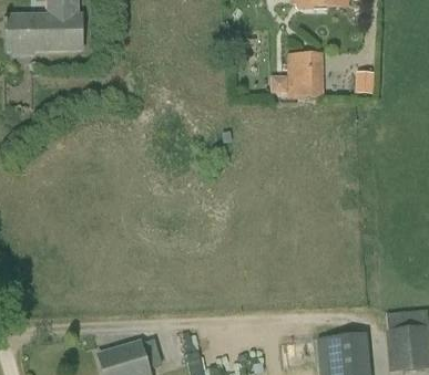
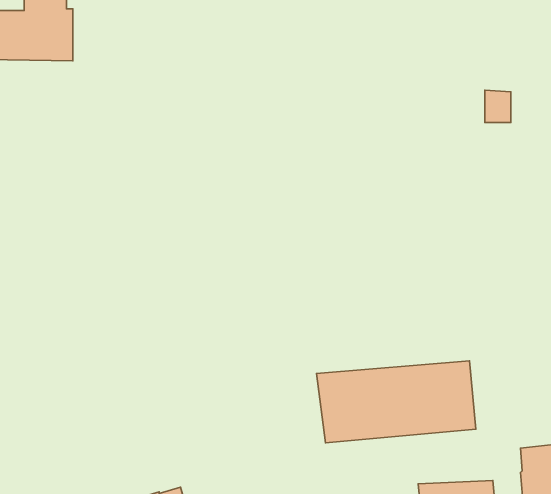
building: [289,52,323,96] -> none
building: none -> [316,361,476,443]

